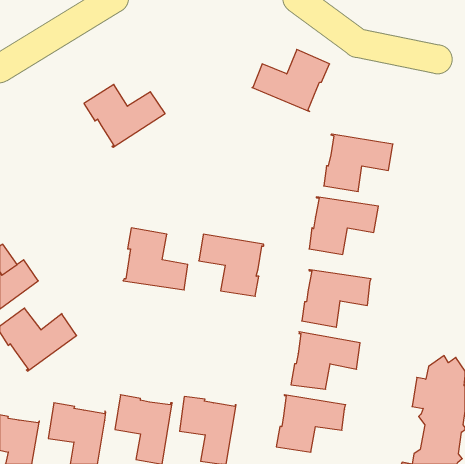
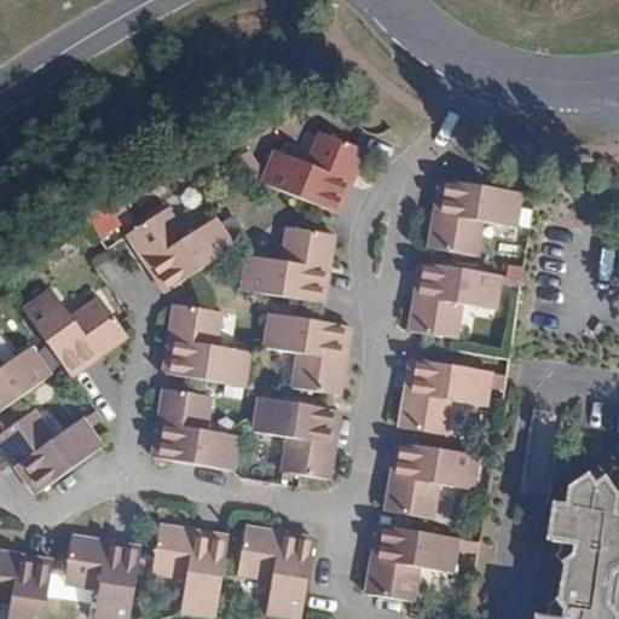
building: [252,49,330,111] -> [261,129,364,212]
building: [84,84,165,147] -> [127,207,235,290]
building: none -> [242,225,334,302]
building: none -> [22,287,127,374]
building: none -> [152,387,239,469]
building: none -> [253,395,340,478]

